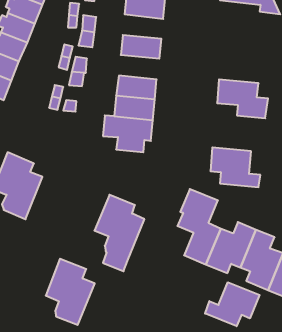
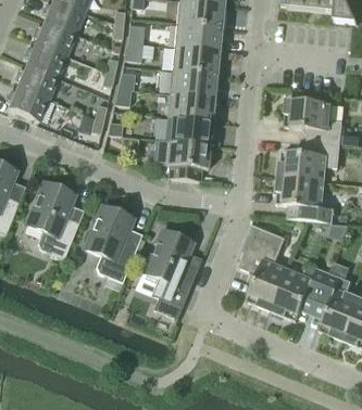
building: none -> [175,23,222,51]
building: none -> [171,69,217,98]
building: none -> [278,139,339,180]
building: [46,259,95,325] -> [84,205,140,281]
building: [205,282,260,326] -> none

